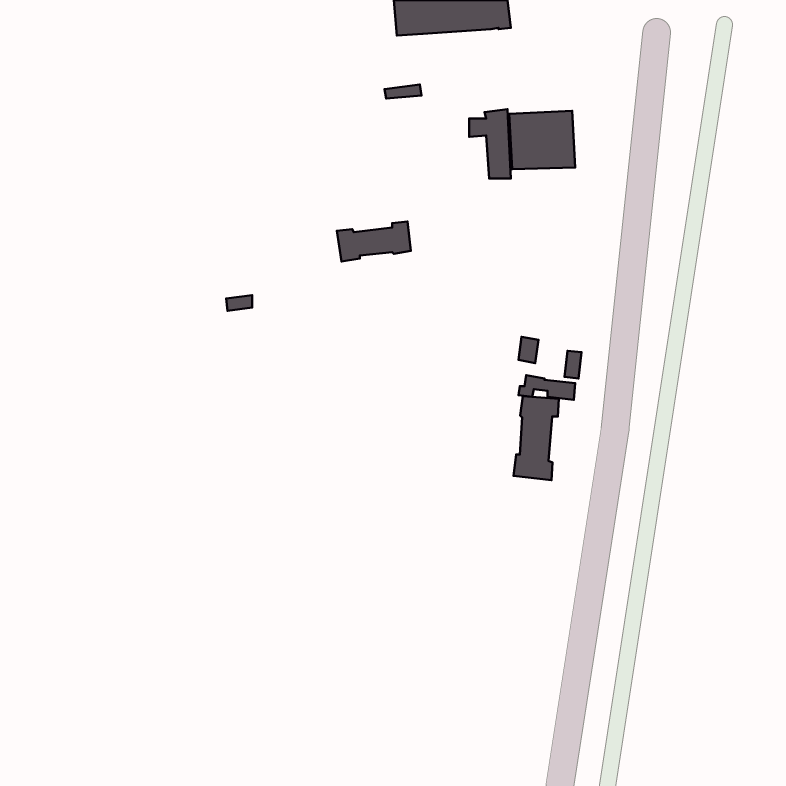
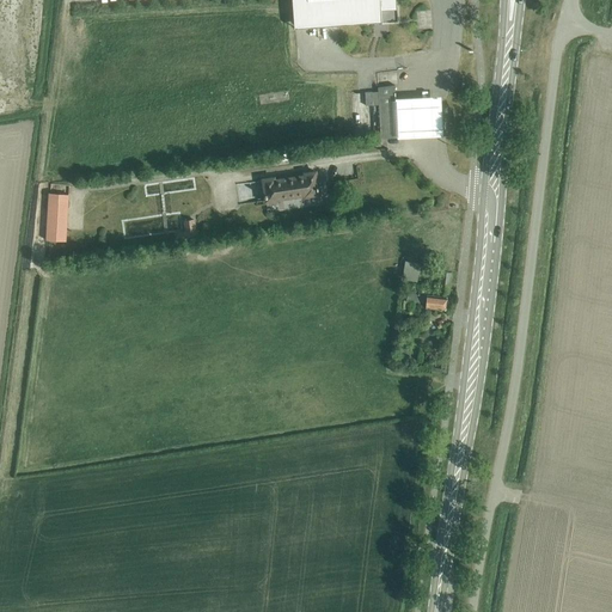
building: none -> [44,192,68,240]
building: [513,396,559,480] -> none

